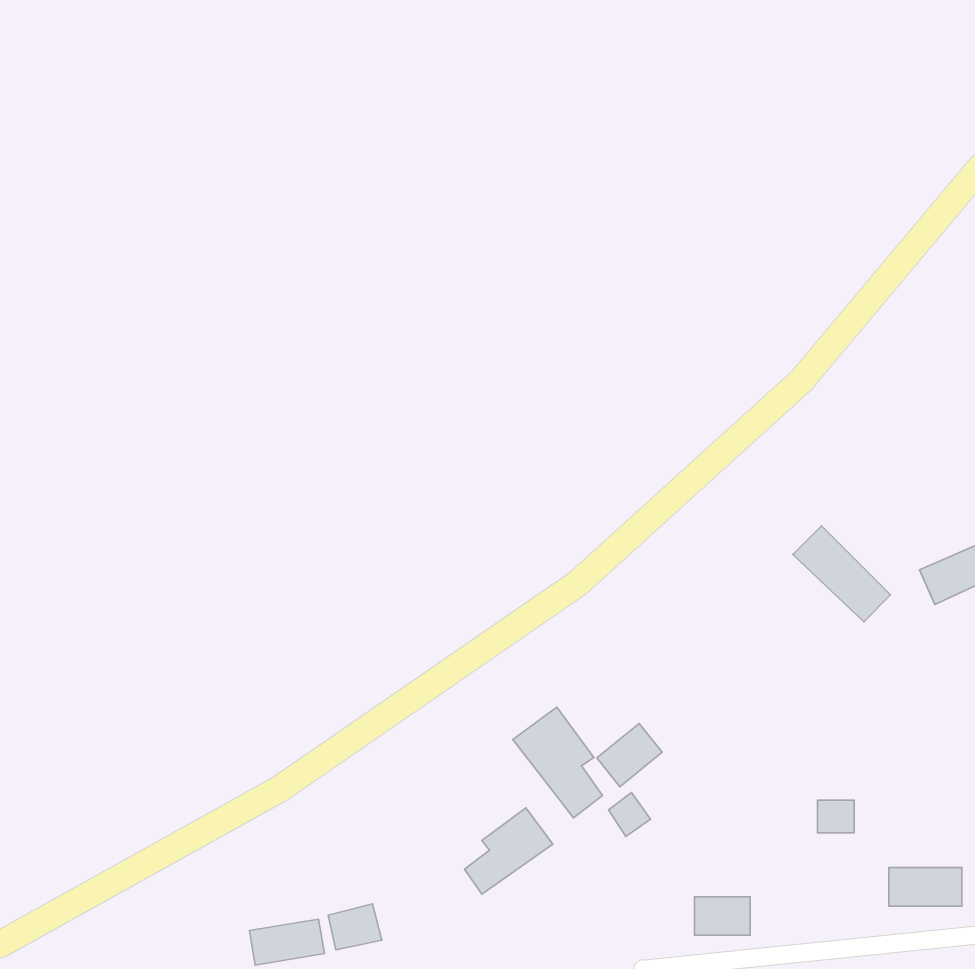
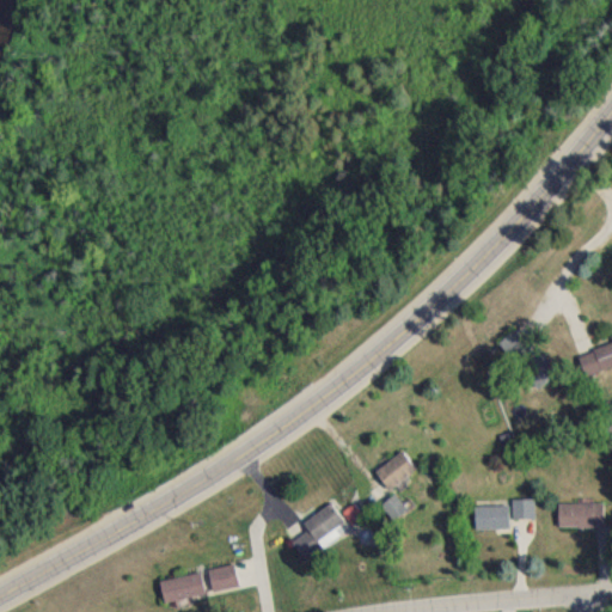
building: [513,707,602,818] -> none
building: [889,868,962,906] -> [558,502,604,526]
building: [694,897,750,935] -> [475,506,509,530]

